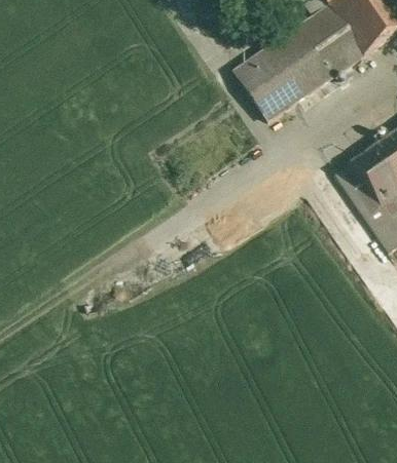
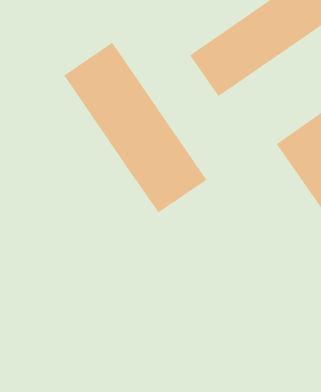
building: none -> [64,42,207,213]

